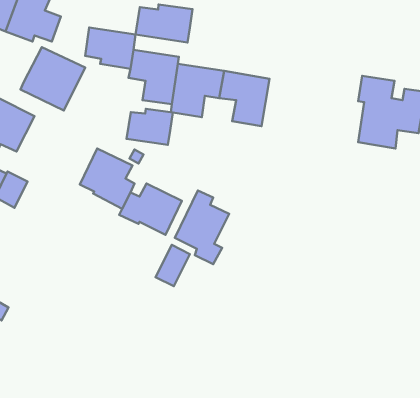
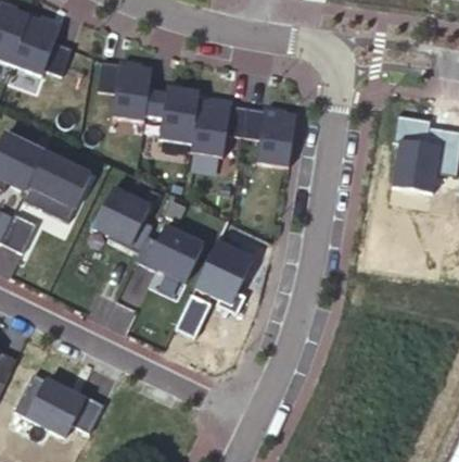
building: [135,4,193,42] -> none
building: [21,47,85,111] -> [20,154,89,223]
building: [127,109,173,145] -> none
building: none -> [12,375,102,446]

